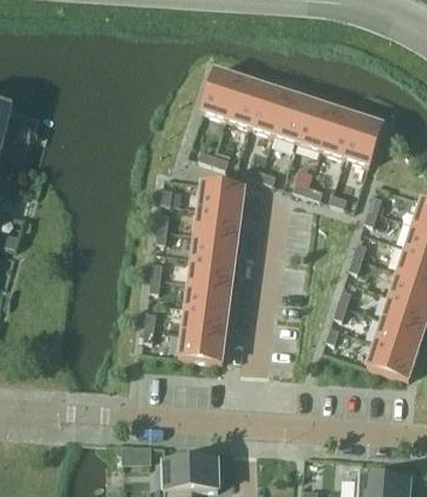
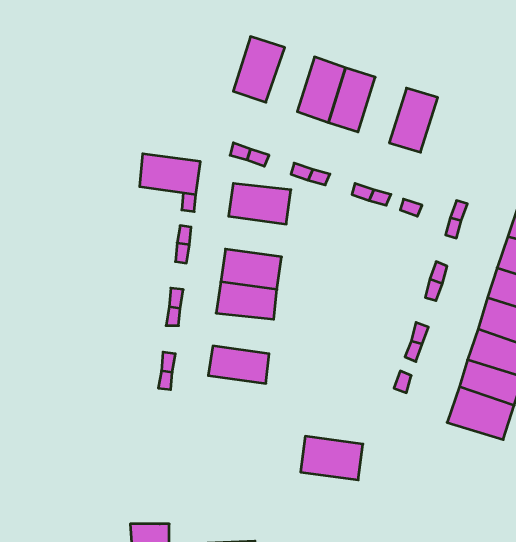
building: [226,73,263,123] -> none
building: [297,96,334,147] -> none
building: [345,112,384,162] -> none
building: [195,203,242,235] -> [140,154,200,194]
building: [185,278,232,309] -> none
building: [178,326,226,360] -> [301,436,363,480]

